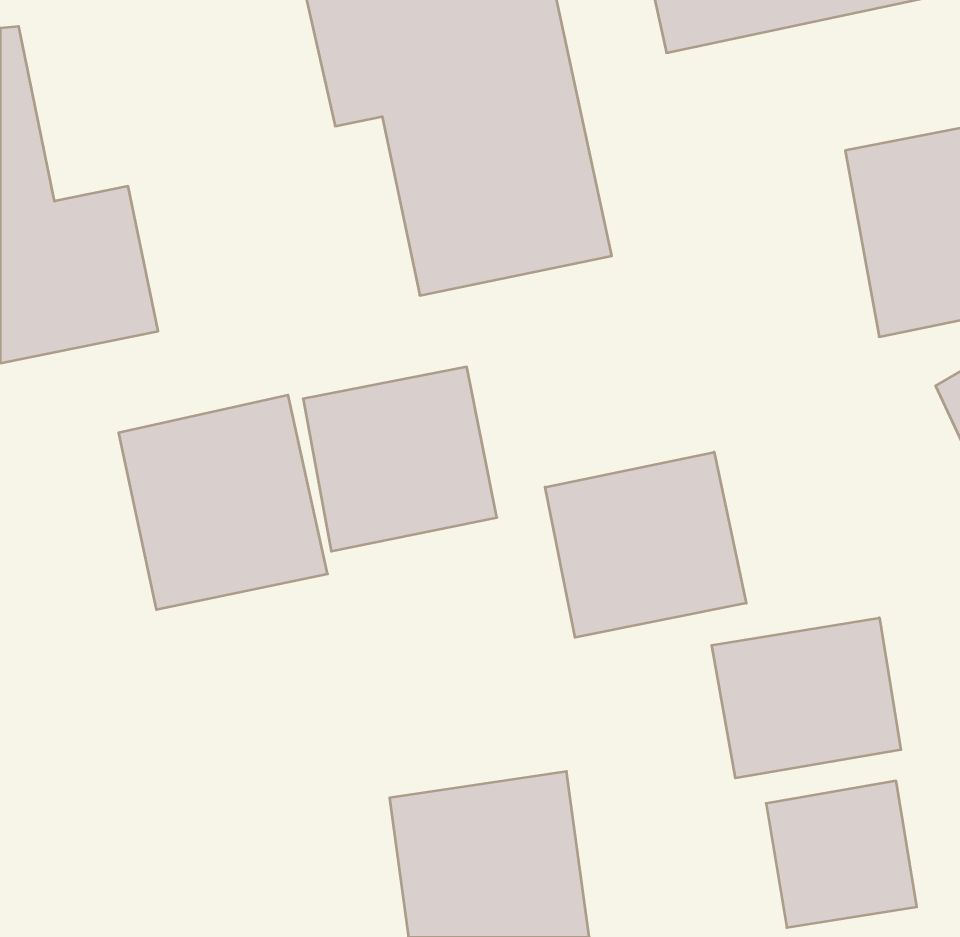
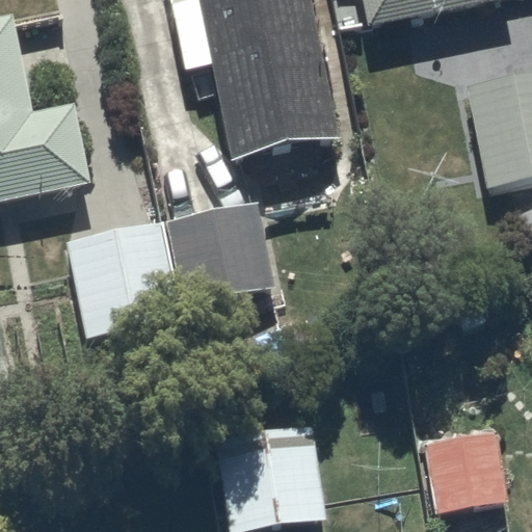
building: [545,452,746,637] -> none
building: [712,618,901,778] -> none

